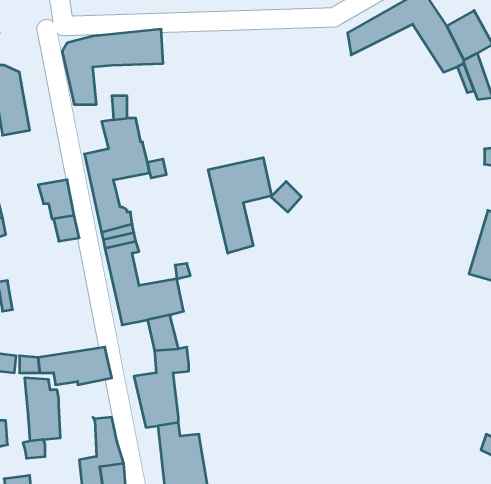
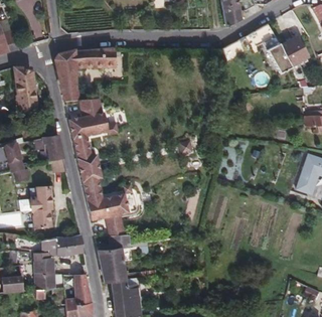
building: [208,158,272,253] -> none
building: none -> [30,187,51,227]

